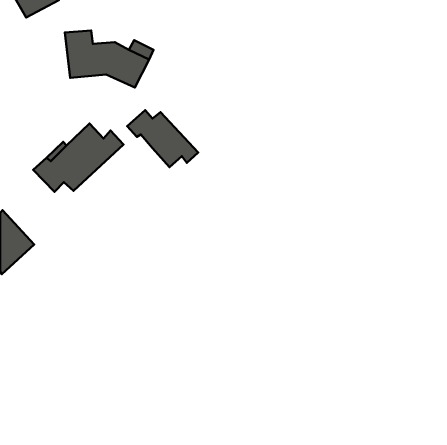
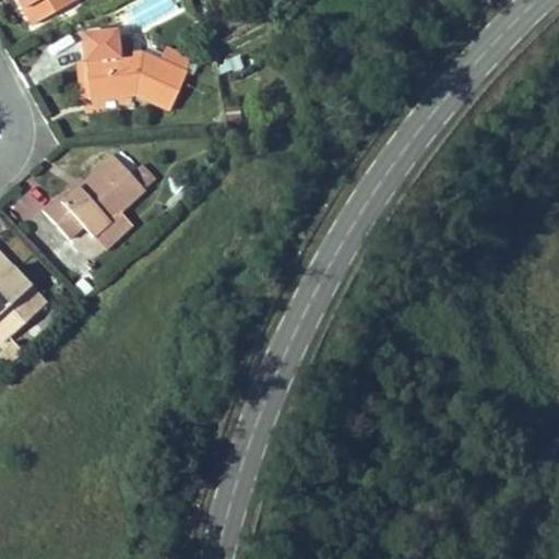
building: [127,110,198,167] -> none

